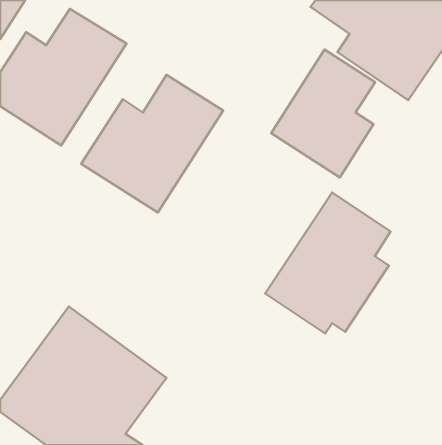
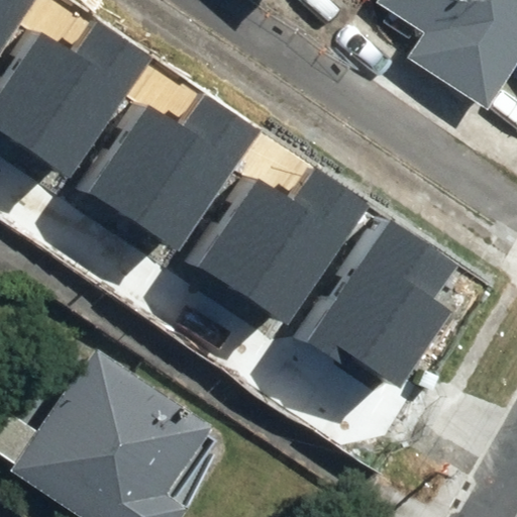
building: [271,49,375,177] -> none
building: none -> [206,161,371,319]

